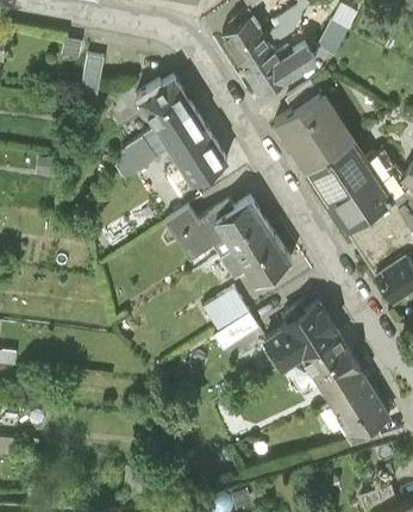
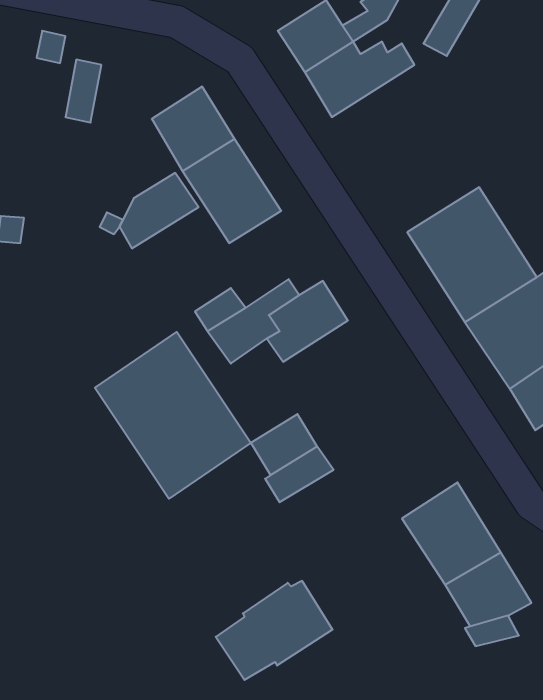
building: [277,93,355,171] -> none
building: [225,230,289,285] -> none
building: none -> [95,332,251,499]
building: [263,305,340,370] -> [216,581,333,680]

